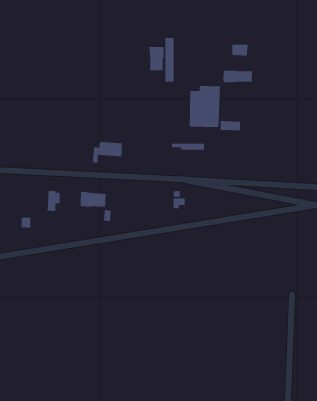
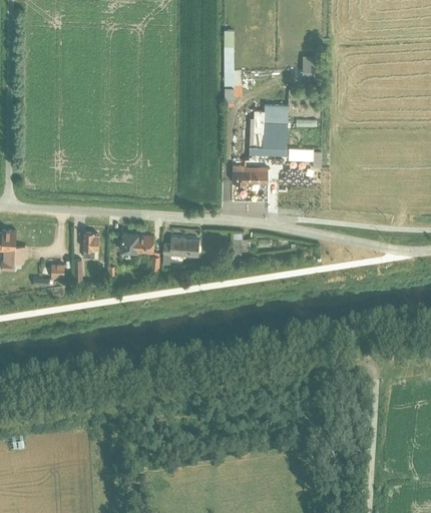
building: [149,46,164,71] -> none
building: [223,70,253,83] -> none
building: [92,141,123,163] -> [161,236,198,263]

